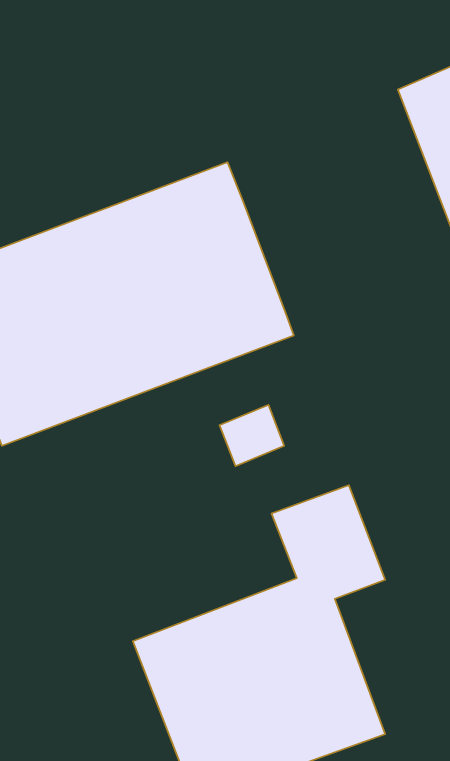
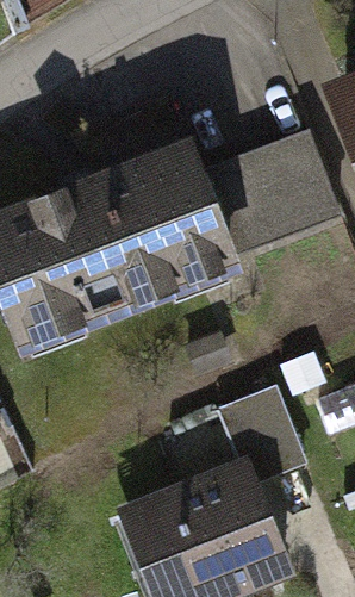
building: none -> [197,131,336,256]

